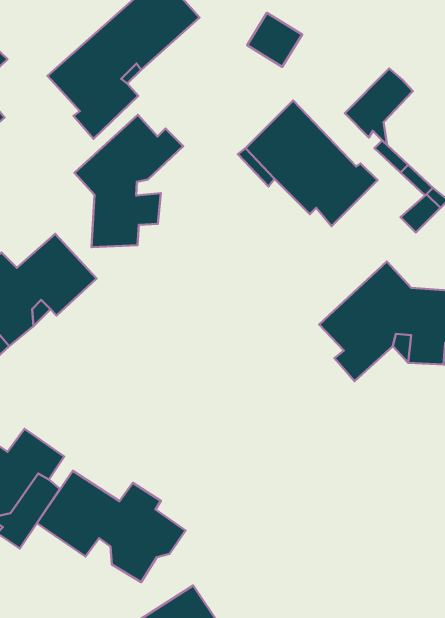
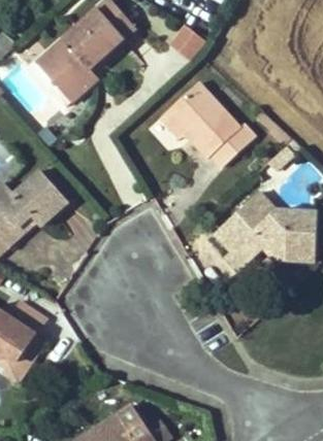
building: [345,69,413,145] -> none
building: [75,115,183,247] -> none
building: [37,471,186,582] -> none

